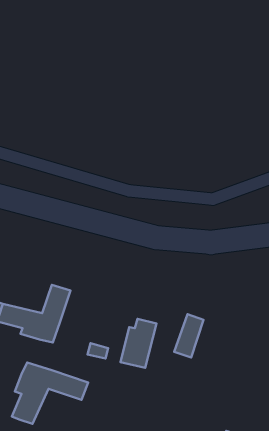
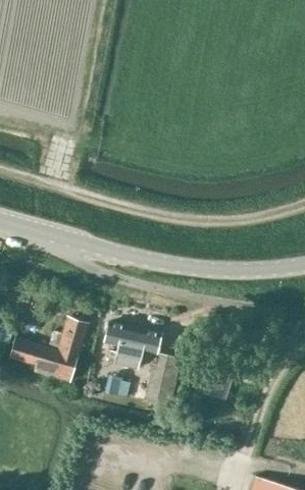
building: none -> [103,326,160,369]
building: [12,363,88,424] -> none

